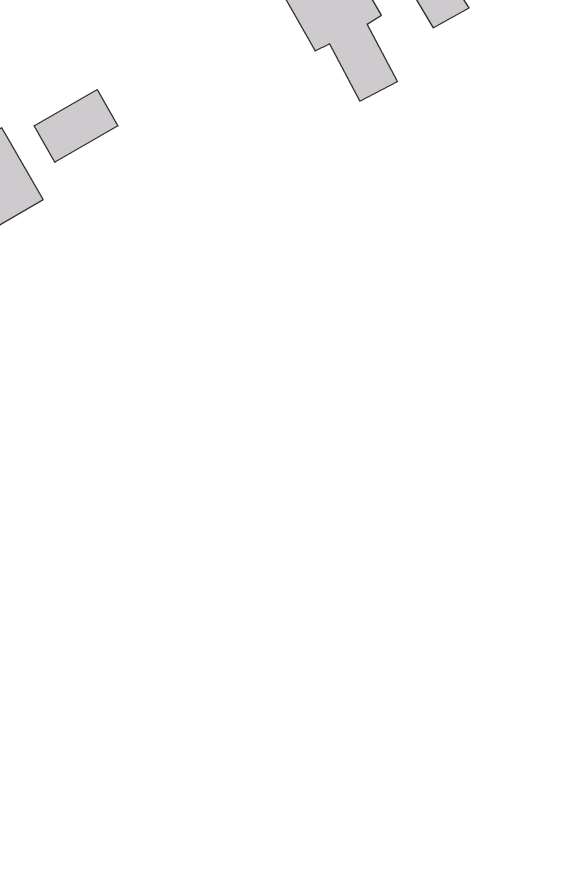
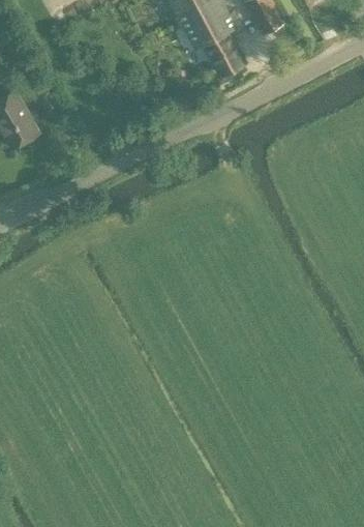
building: [34,90,118,162] -> none

